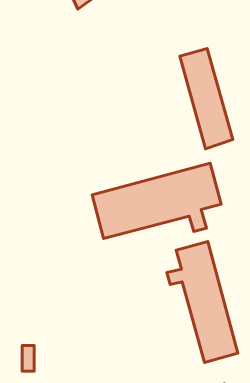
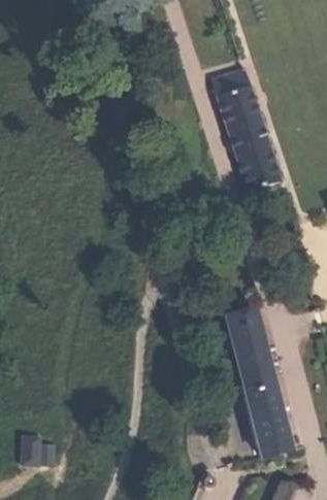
building: [92,163,221,238] -> none

